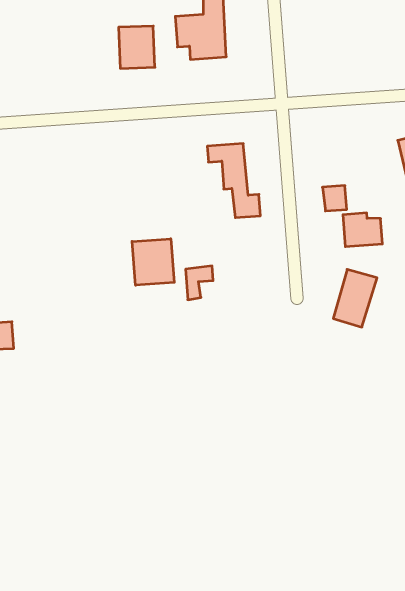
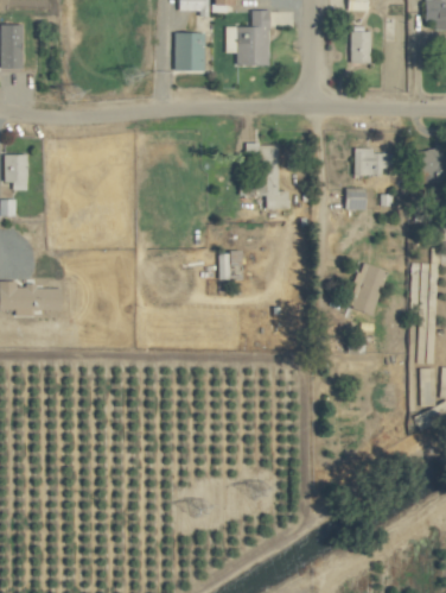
building: none -> [351,31,371,63]
building: [343,213,382,247] -> [355,147,388,176]
building: [132,239,174,285] -> none

